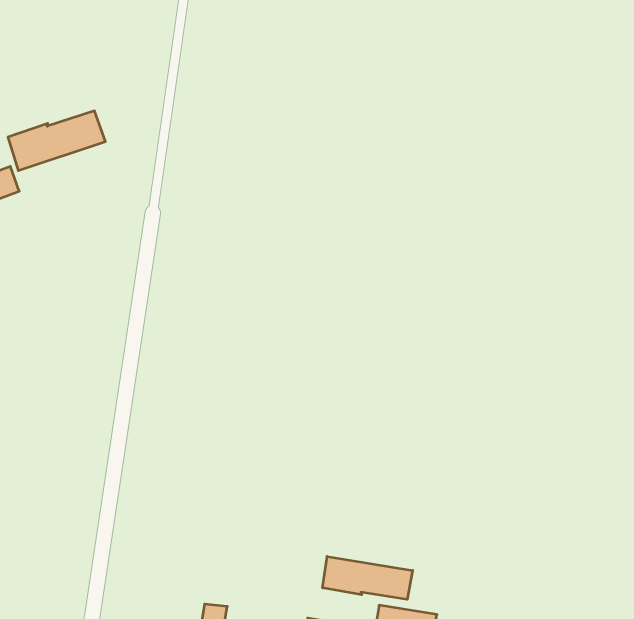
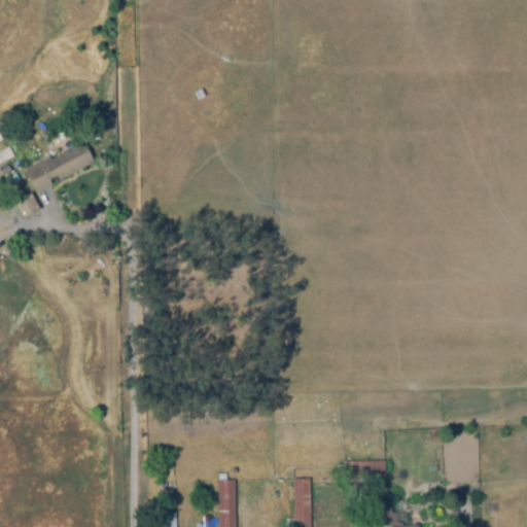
building: [323,556,413,599] -> none

